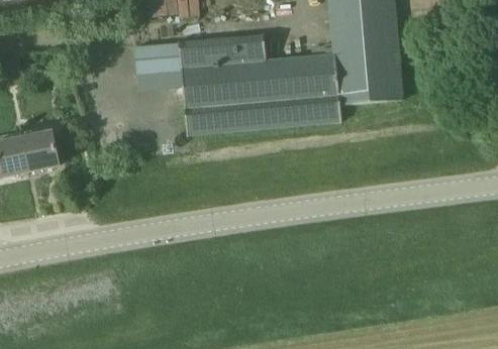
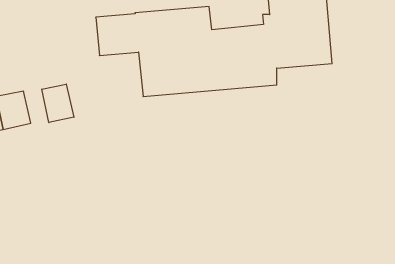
building: none -> [42,84,74,123]

